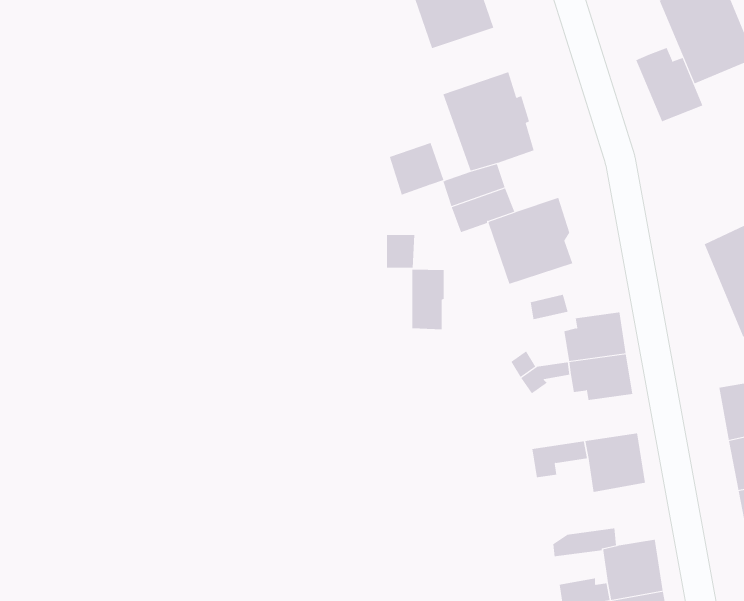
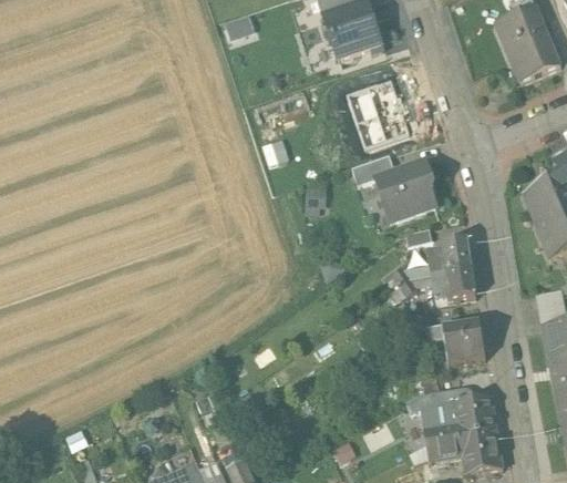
building: [635,47,703,122] -> none
building: [389,142,444,195] -> none
building: [412,269,444,330] -> none

